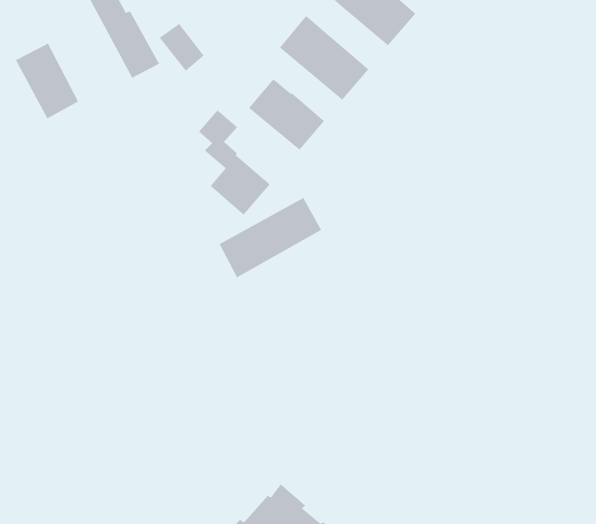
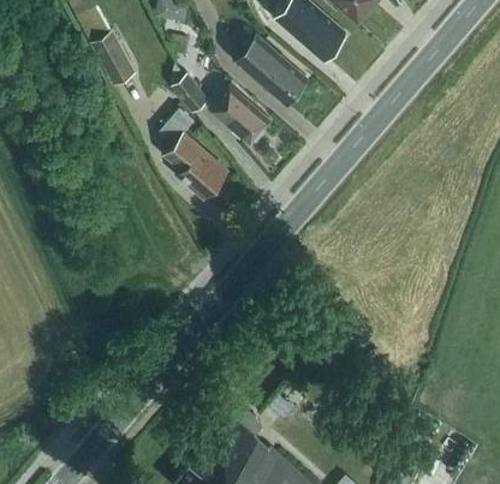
building: [159,23,205,72] -> [171,73,208,113]
building: [15,43,79,119] -> none
building: [219,197,322,278] -> none

